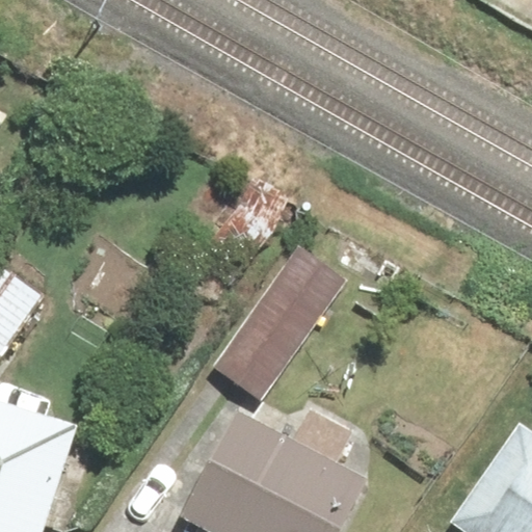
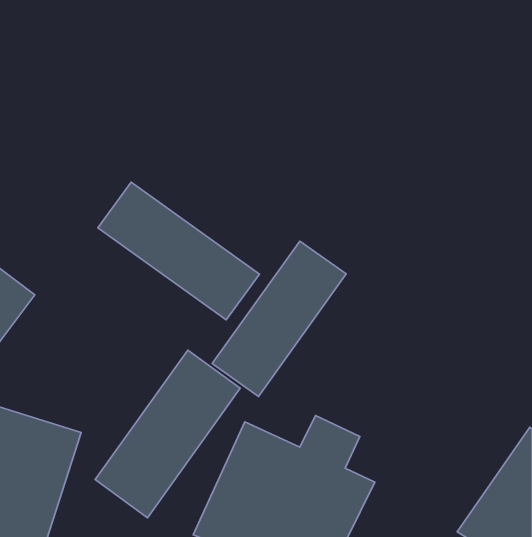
building: none -> [98,182,259,320]
building: none -> [95,350,240,518]

